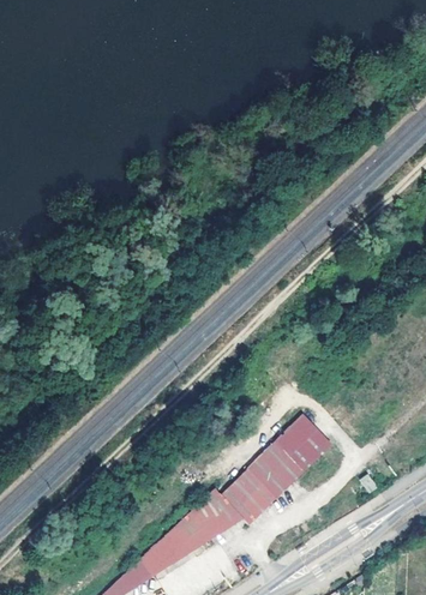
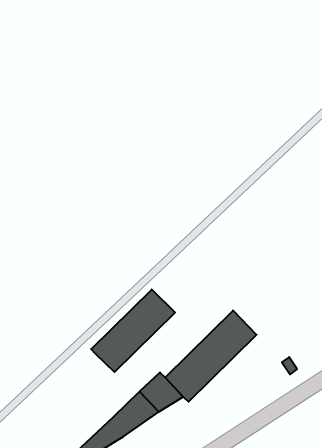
building: none -> [91,289,175,372]

